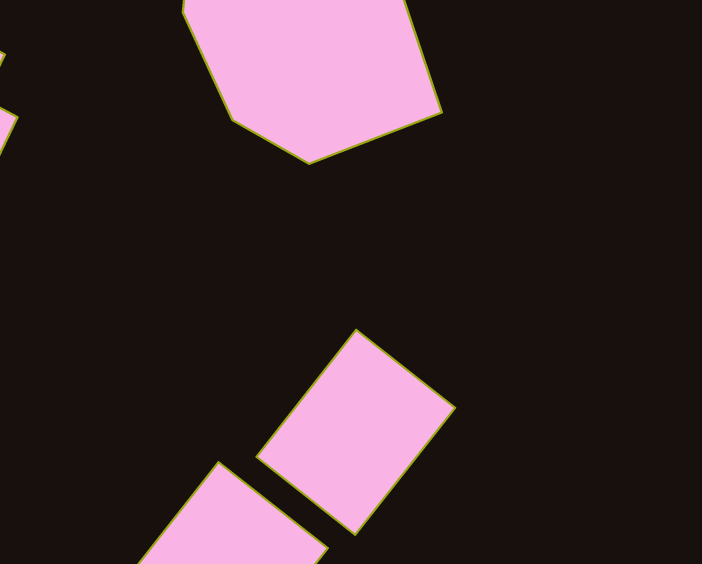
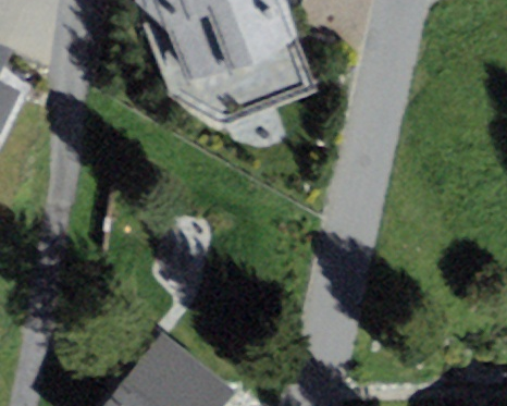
building: [256,330,455,535] -> none

